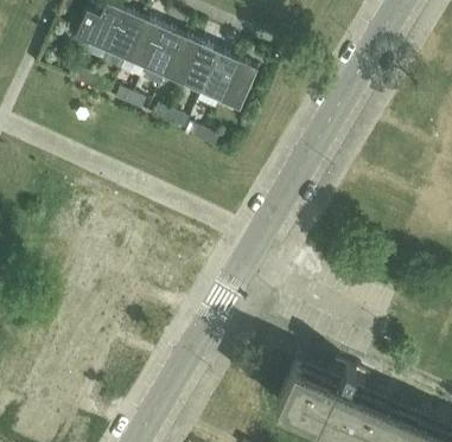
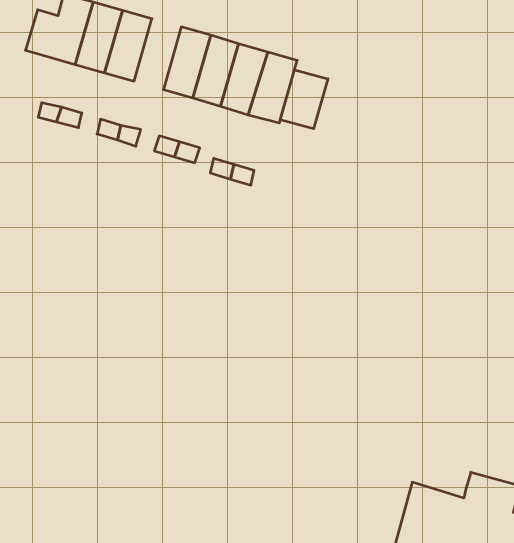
building: [145,30,182,78] -> none
building: none -> [280,70,328,129]

